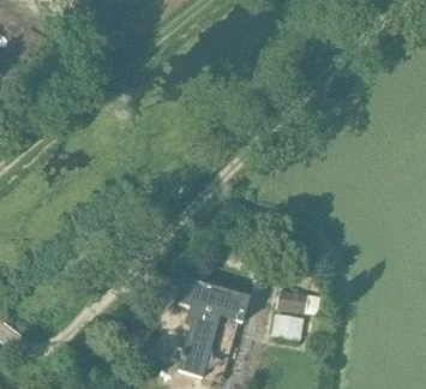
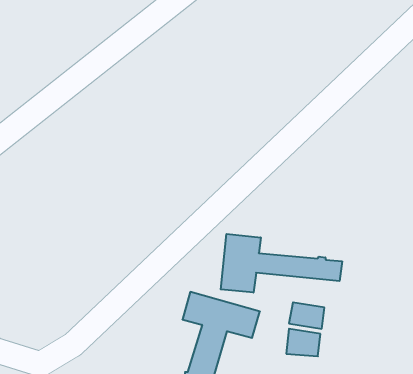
building: none -> [221,234,342,293]

